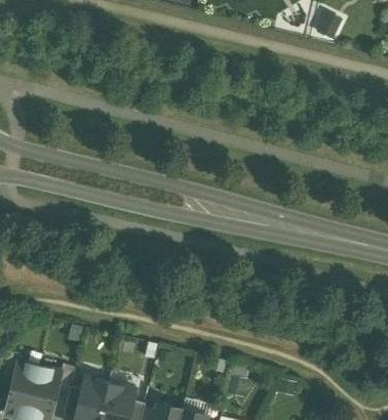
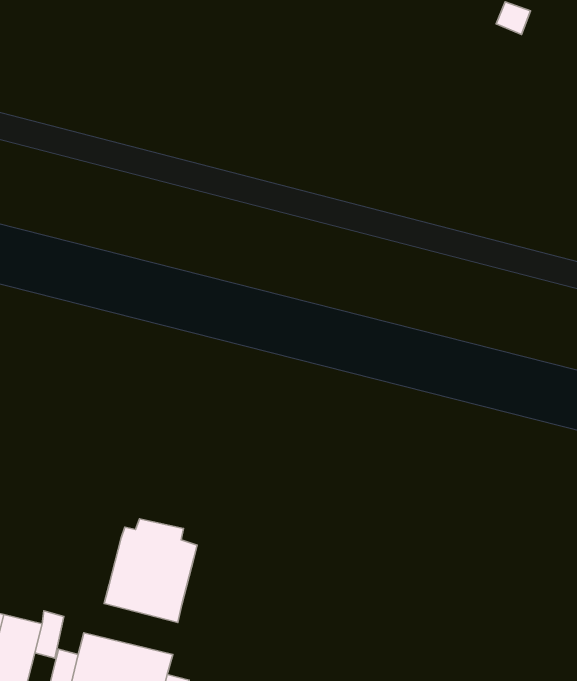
building: none -> [104,519,197,622]

